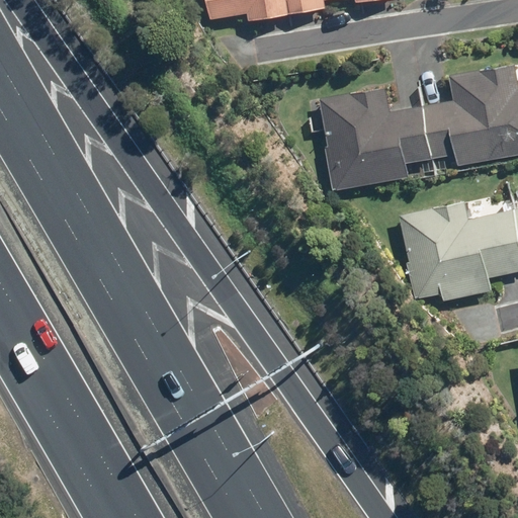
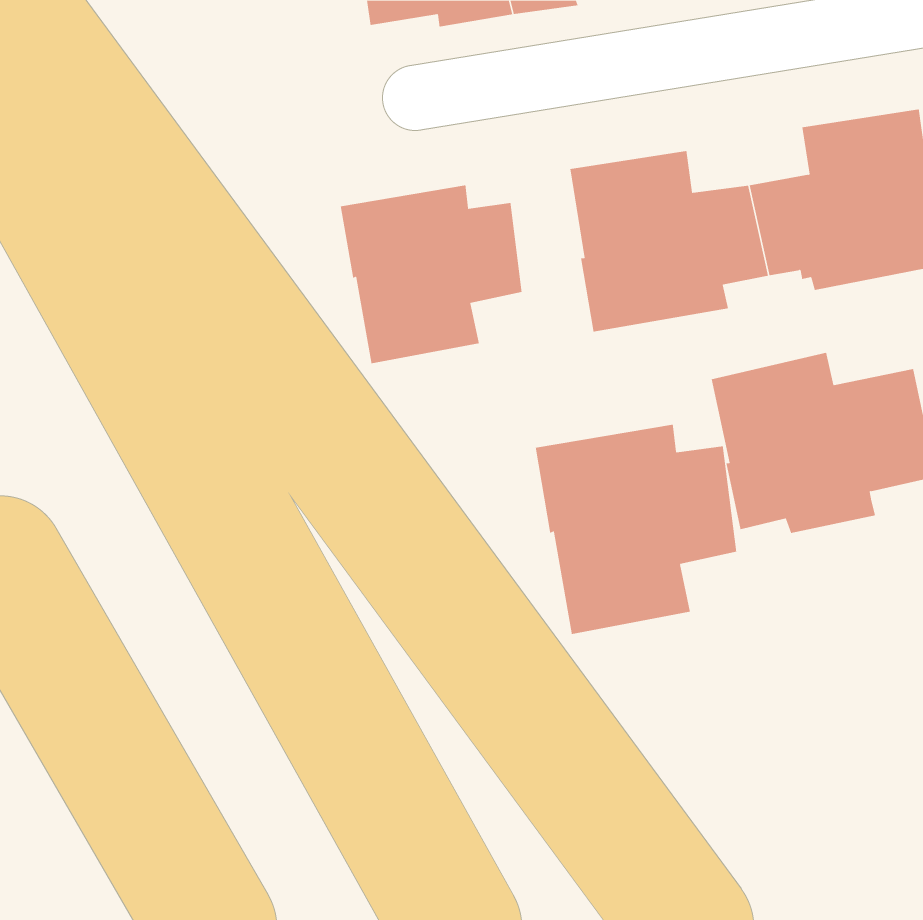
building: none -> [340,185,522,364]
building: none -> [535,424,737,635]

